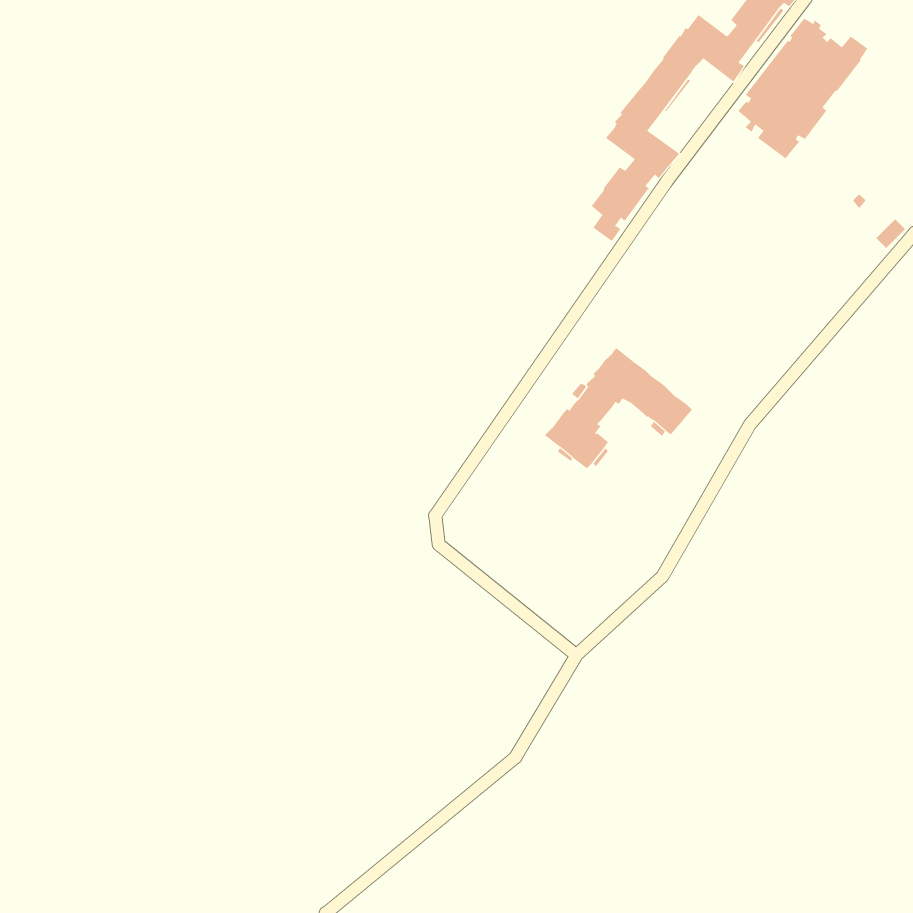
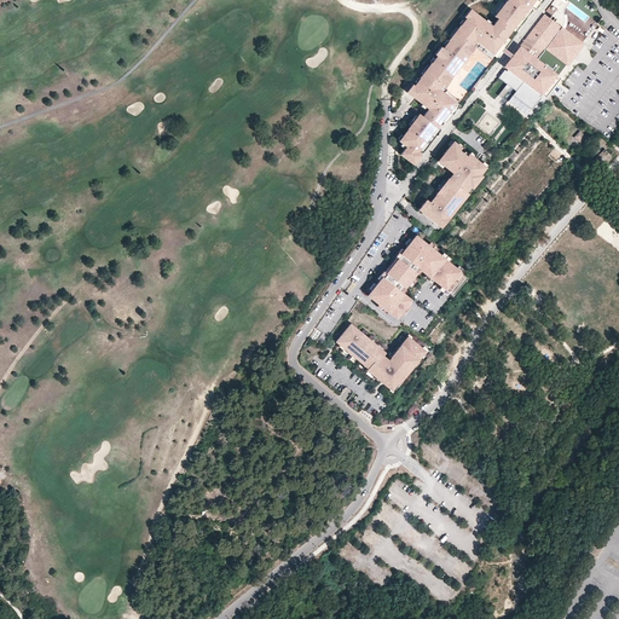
building: none -> [420,140,487,226]
building: none -> [337,323,427,388]

